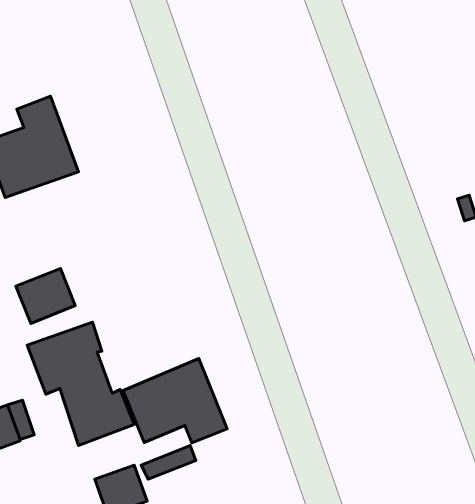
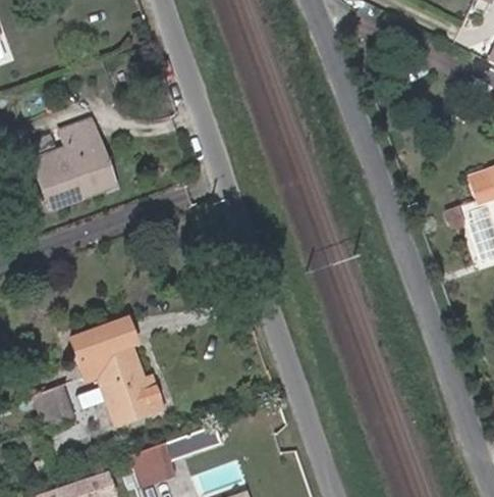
building: [16,268,75,323] -> none
building: [123,358,227,443] -> none

